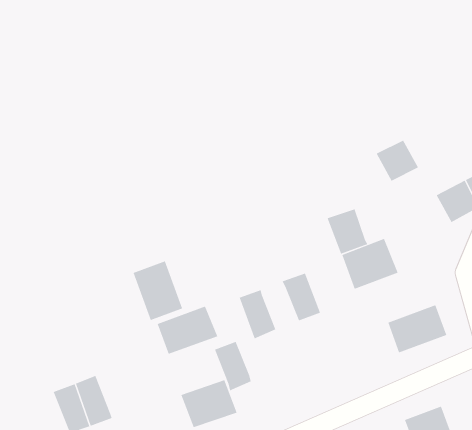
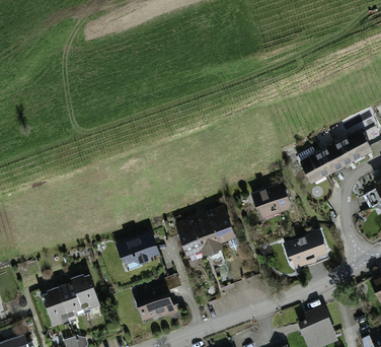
building: [376,140,419,181] -> [299,151,330,182]
building: [327,208,368,255] -> none
building: [133,261,183,321] -> none
building: [214,341,252,391] -> [193,218,220,255]
building: none -> [70,274,98,311]

